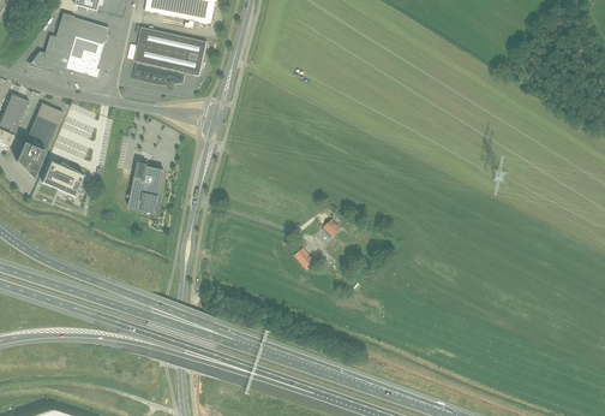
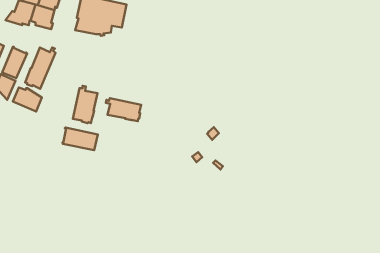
building: none -> [25,47,56,89]
building: none -> [106,98,141,121]
building: none -> [63,128,98,150]

